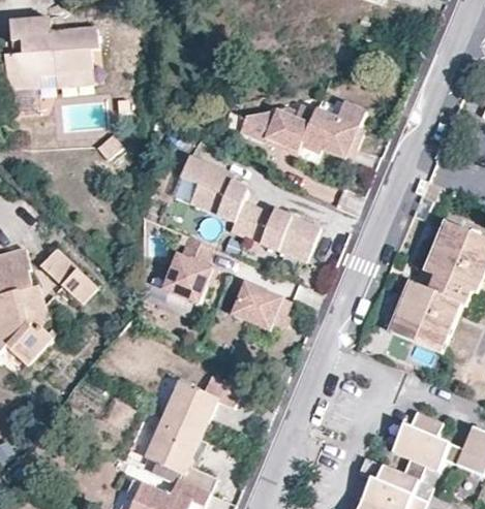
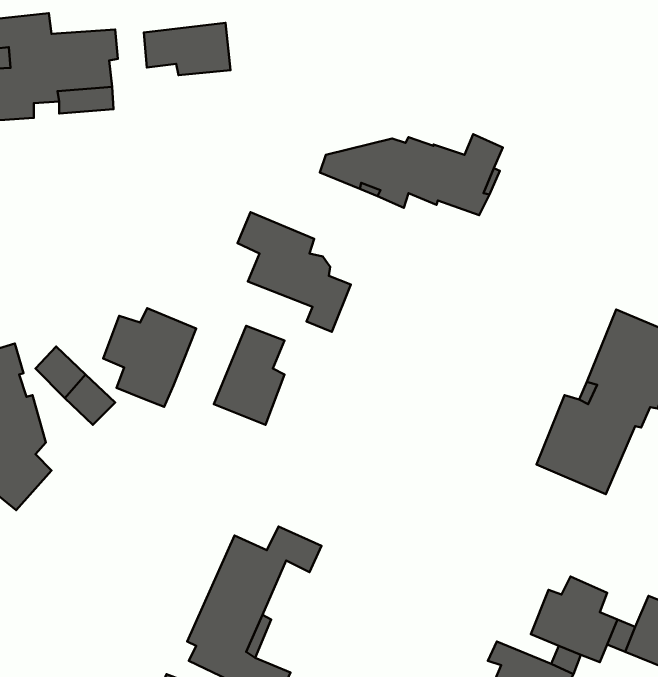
building: none -> [144,23,231,75]
building: [247,205,321,262] -> none
building: none -> [103,308,196,407]
building: [234,282,293,329] -> none

